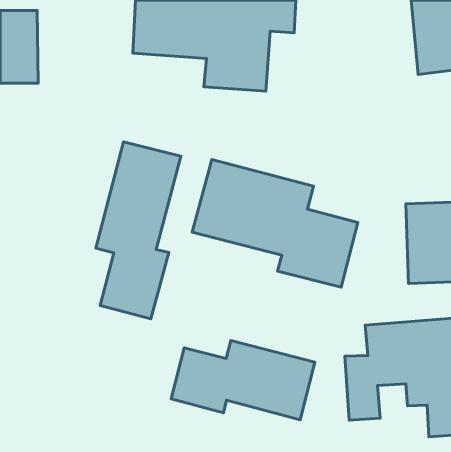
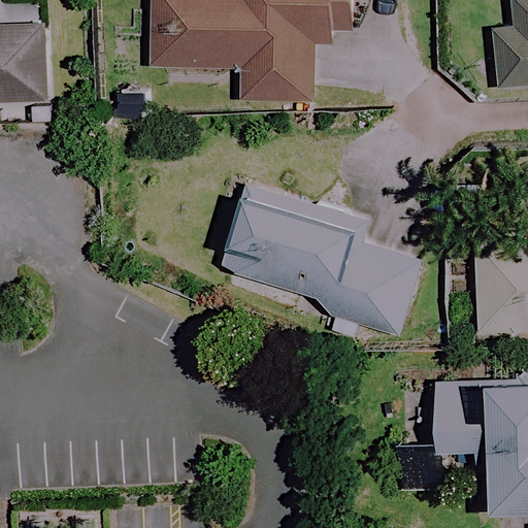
building: [96,142,181,319] -> none
building: [171,340,315,420] -> none

